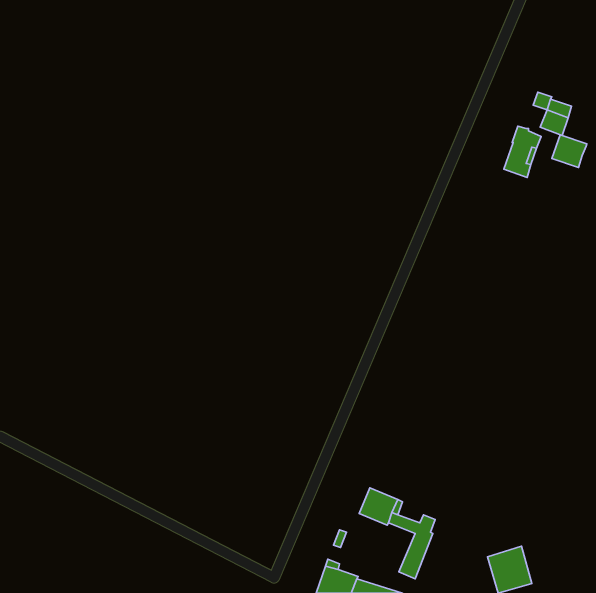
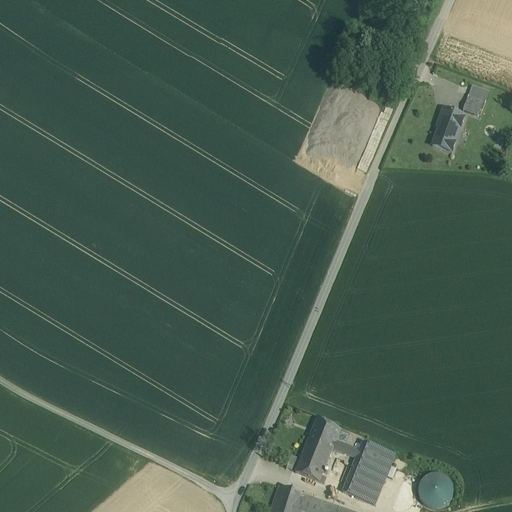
building: [552,135,587,168] -> none
building: none -> [295,440,332,482]
building: none -> [356,445,394,503]

